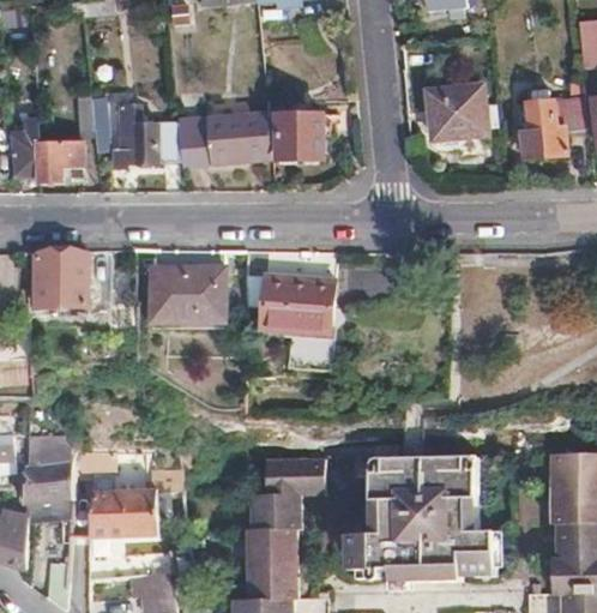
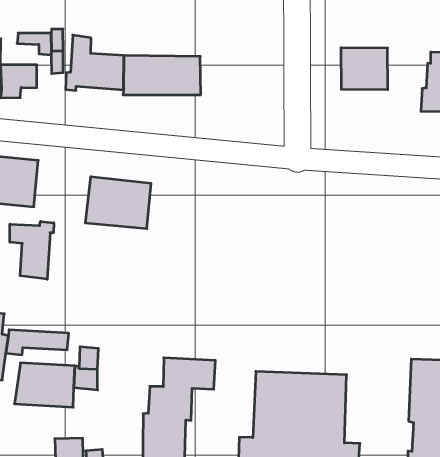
building: [278,110,322,156] -> none
building: [264,271,334,331] -> none
building: none -> [10,221,54,279]

